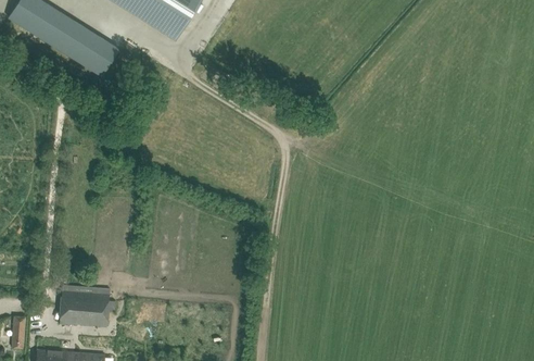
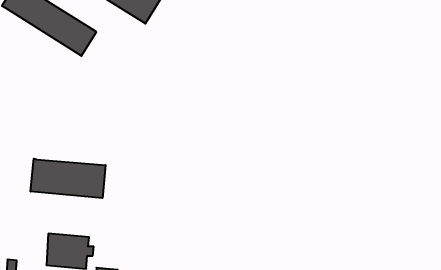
building: none -> [31,159,106,198]

